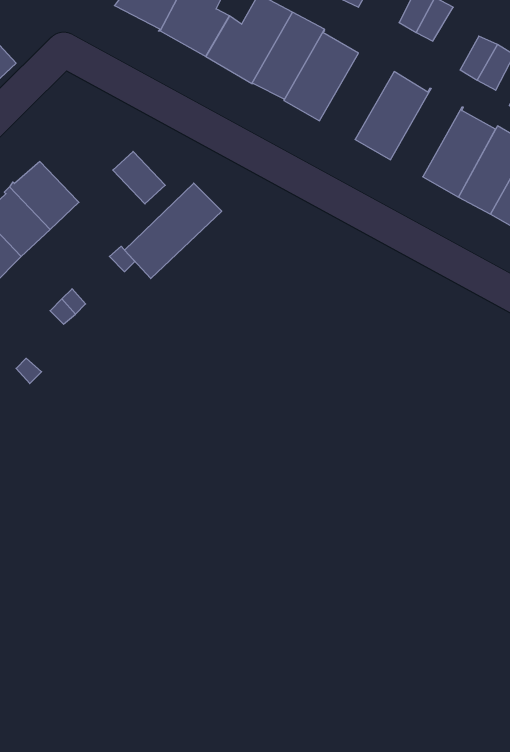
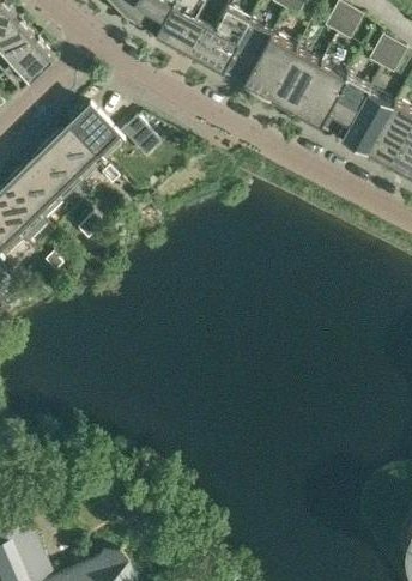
building: none -> [268,49,321,110]
building: none -> [319,74,369,137]
building: none -> [71,107,117,153]
building: [125,183,222,279] -> none

